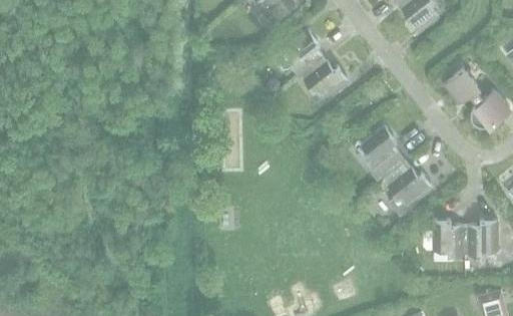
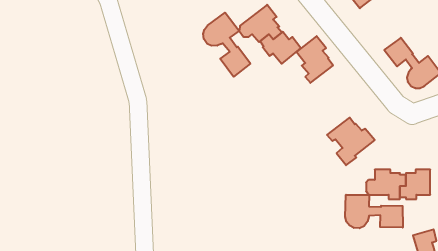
building: none -> [203,13,250,77]
building: [362,126,404,181] -> [297,36,333,83]
building: none -> [345,195,403,228]

